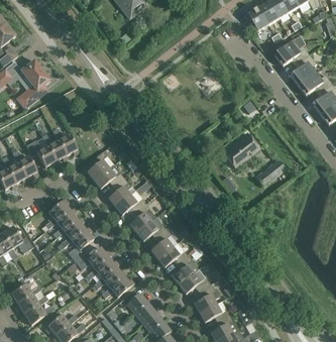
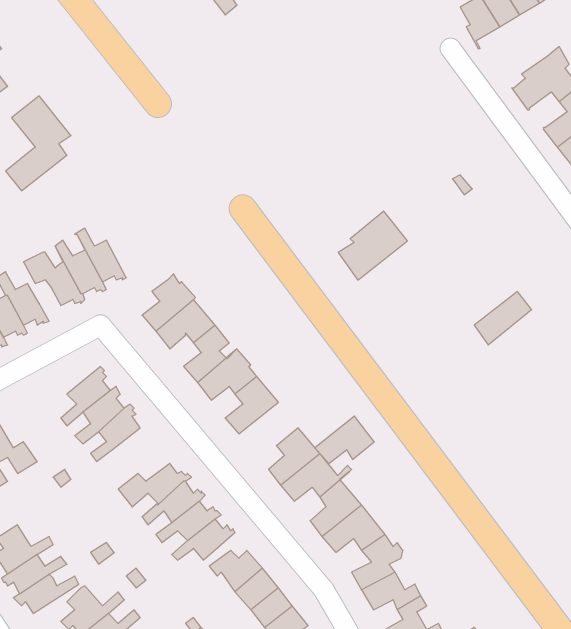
building: [224,132,259,167] -> [338,211,407,280]
building: [136,216,166,240] -> [315,416,374,464]
building: [69,226,94,262] -> none

